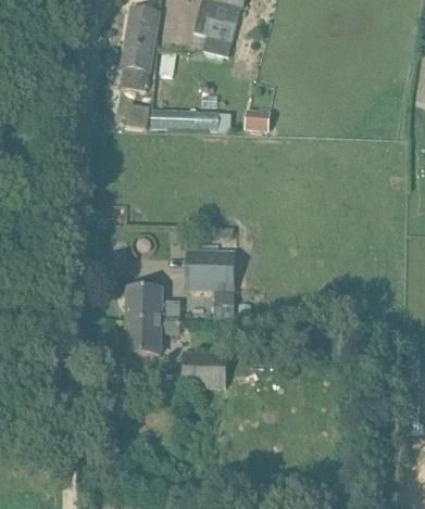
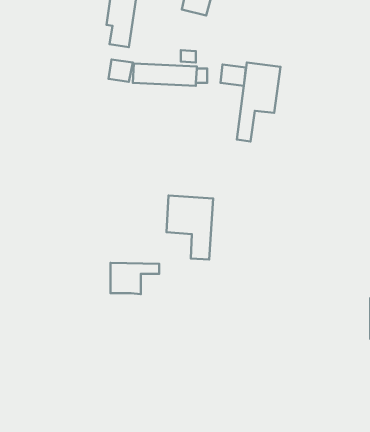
building: none -> [237,63,280,141]
building: [126,288,179,321] -> none
building: [180,351,227,387] -> none

